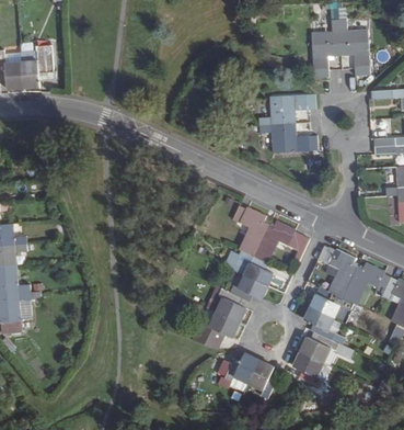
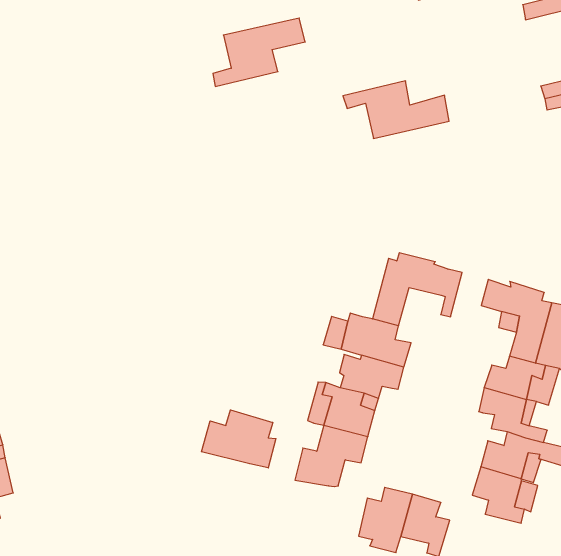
building: [259,94,315,125] -> [213,18,305,86]
building: [232,205,269,256] -> none
building: none -> [201,410,276,468]

